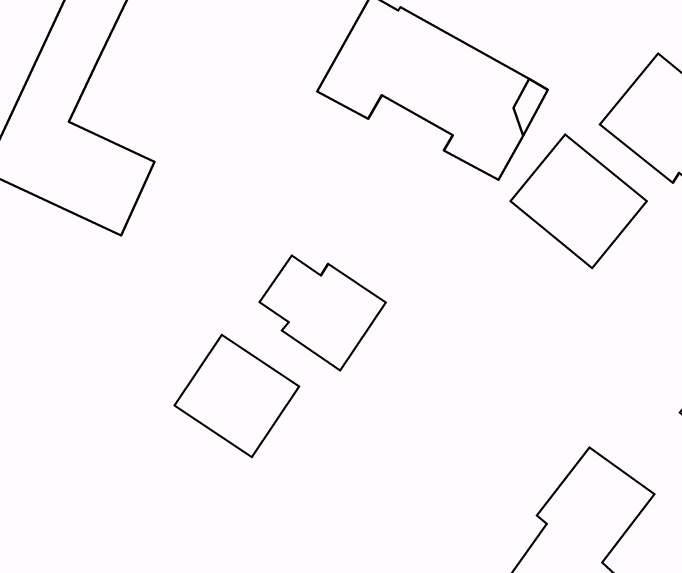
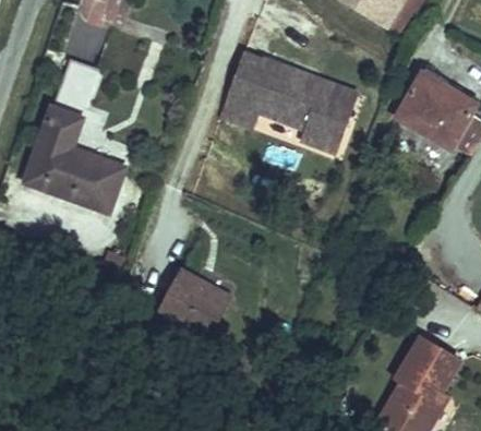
building: [511,134,647,268] -> none
building: [260,255,386,371] -> none

